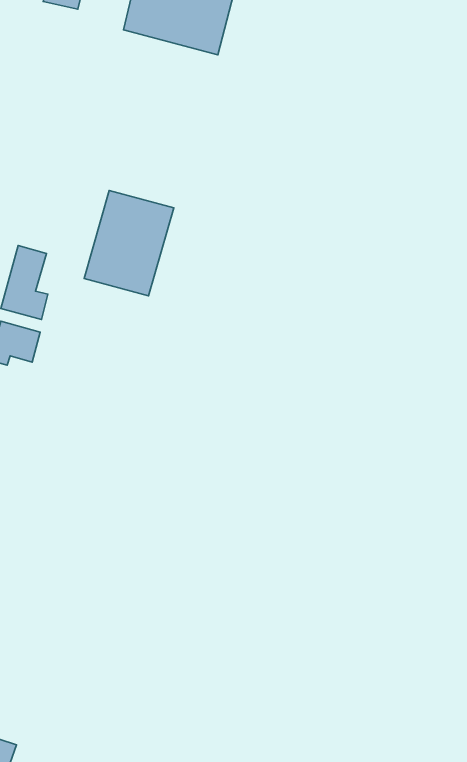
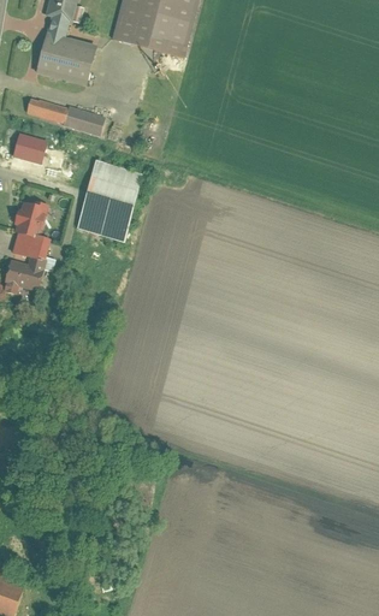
building: none -> [31,30,93,84]
building: none -> [28,96,112,135]
building: none -> [19,135,51,162]

